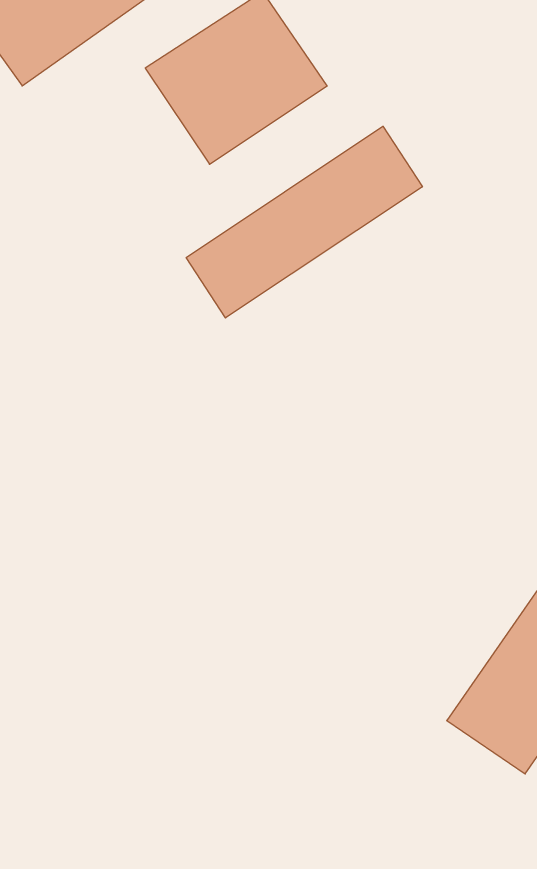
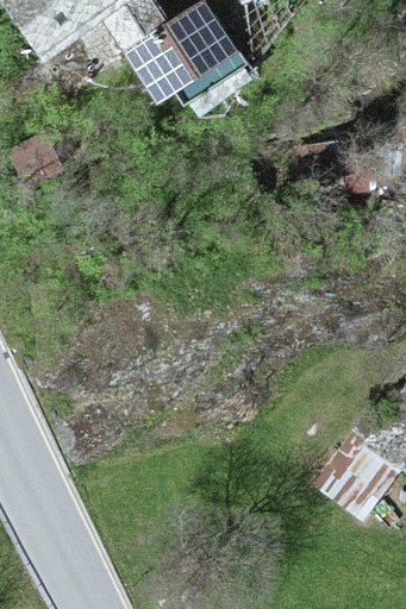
building: [186,126,422,318] -> none

